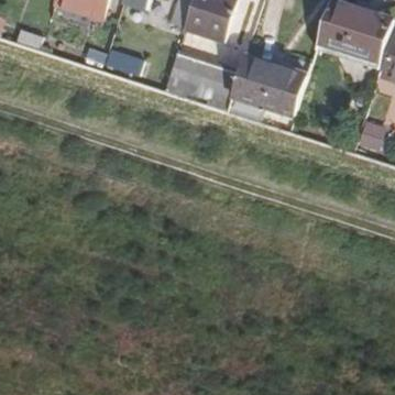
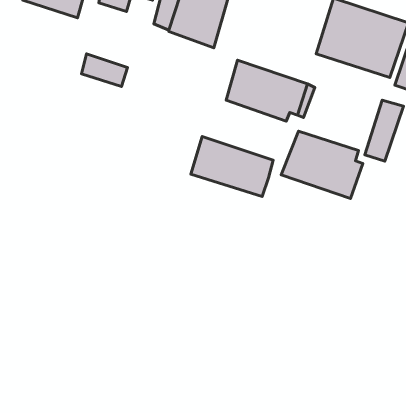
building: [167,54,240,107] -> [191,137,273,196]
building: none -> [281,131,363,198]

